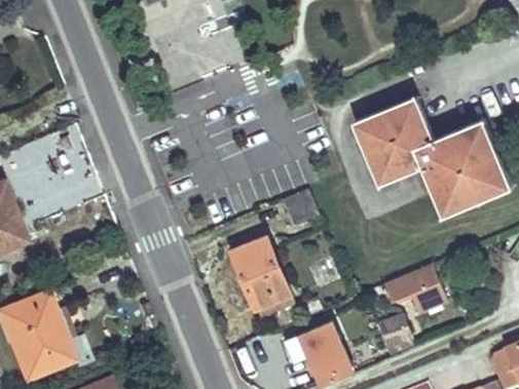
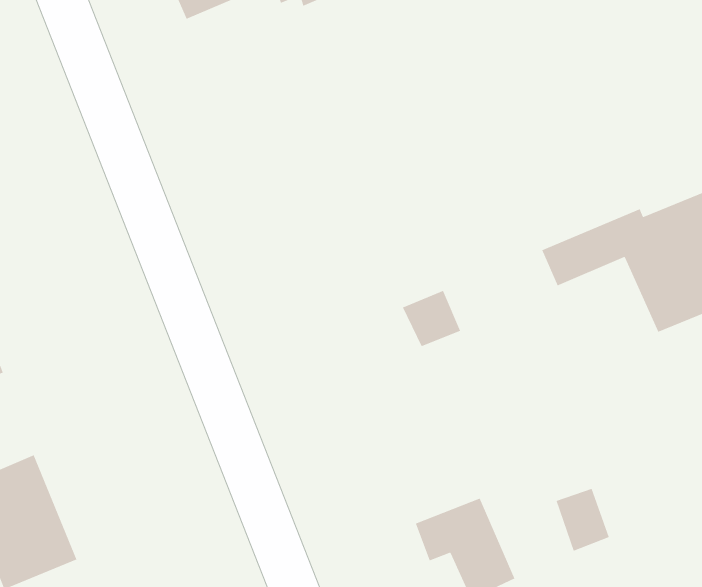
building: [354,96,434,161] -> none
building: [233,239,291,315] -> none
building: [384,263,447,311] -> none

